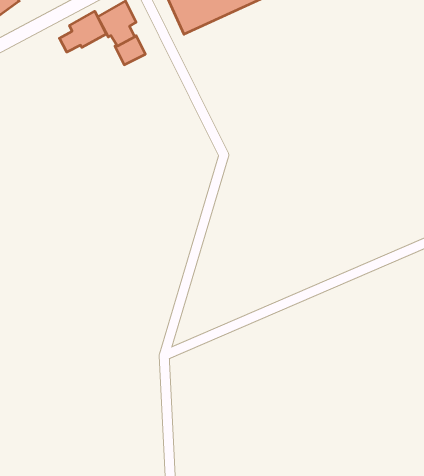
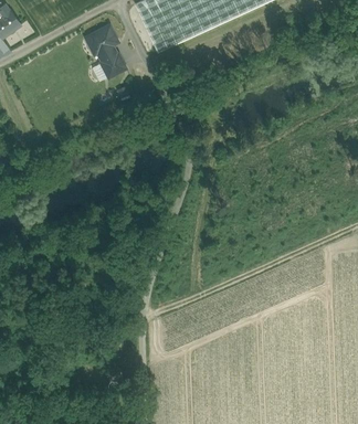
building: [59,11,106,52] -> none

